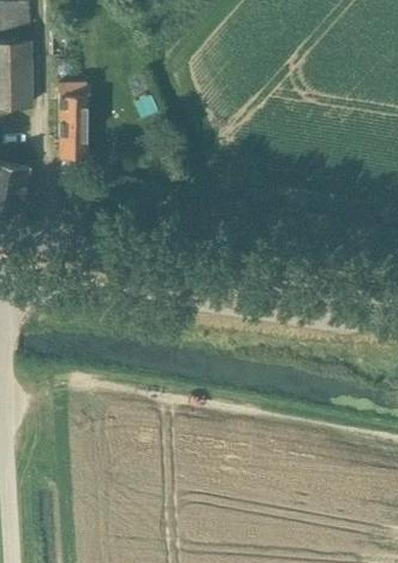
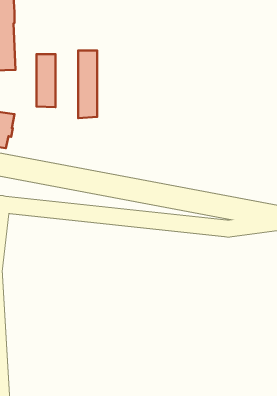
building: none -> [78,50,97,118]

